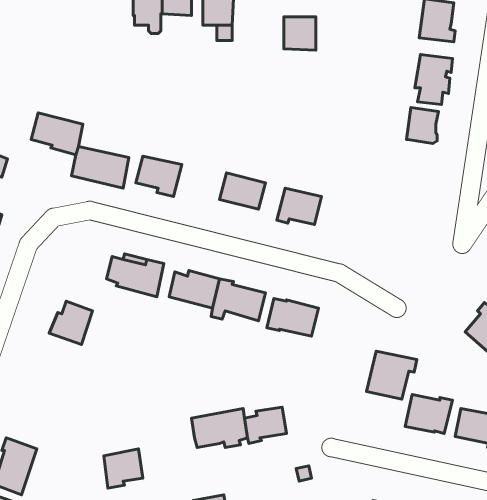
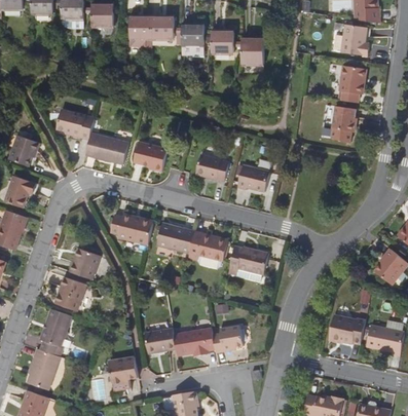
building: none -> [212,32,233,51]
building: none -> [55,276,86,310]
building: [367,351,417,399] -> none
building: none -> [40,308,71,356]
building: none -> [145,328,176,353]

